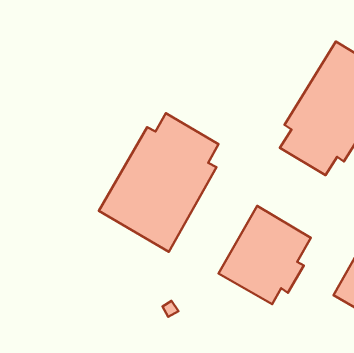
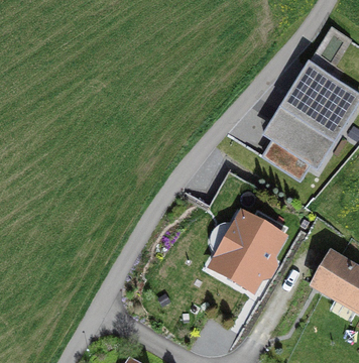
building: [99,113,219,252] -> none

